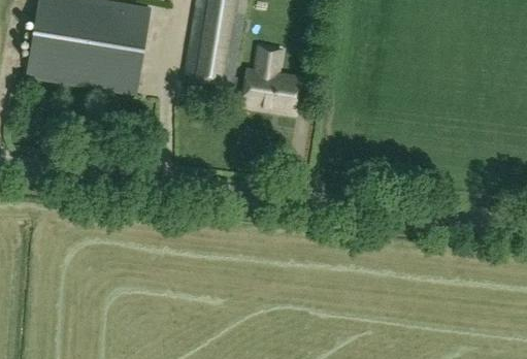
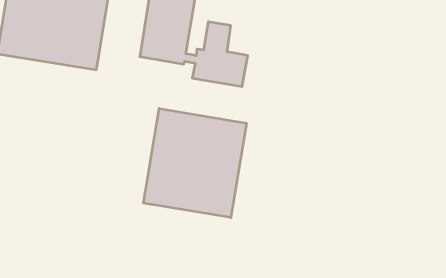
building: none -> [144,108,246,218]

